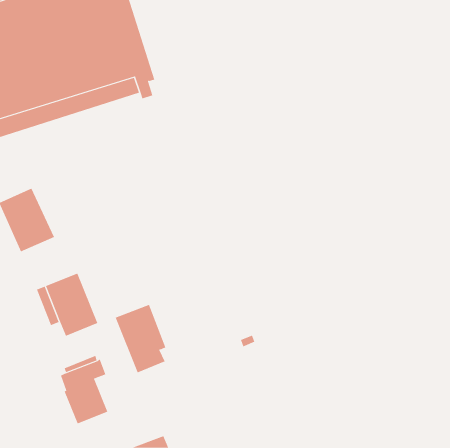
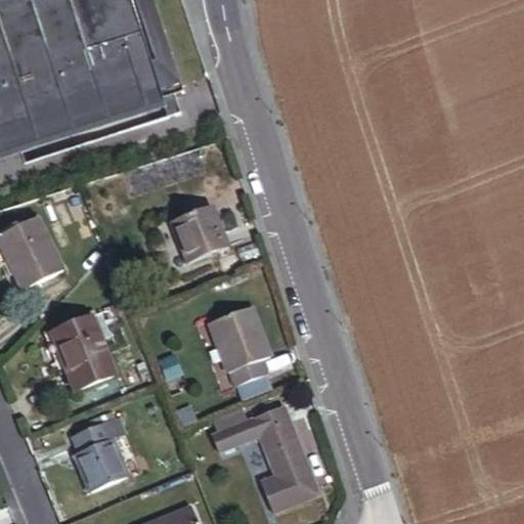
building: none -> [173,207,226,261]
building: [115,304,166,373] -> [211,305,270,385]
building: none -> [211,404,318,512]

